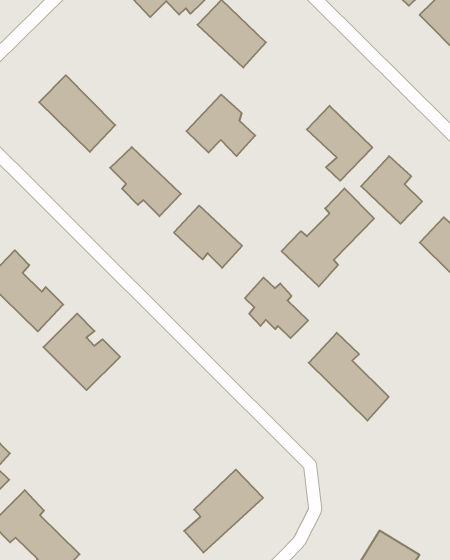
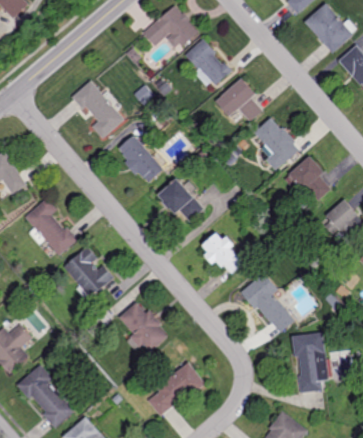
building: [186,95,255,156] -> [215,79,262,122]
building: [282,188,374,287] -> none
building: none -> [117,301,165,350]
building: none -> [291,332,328,393]

